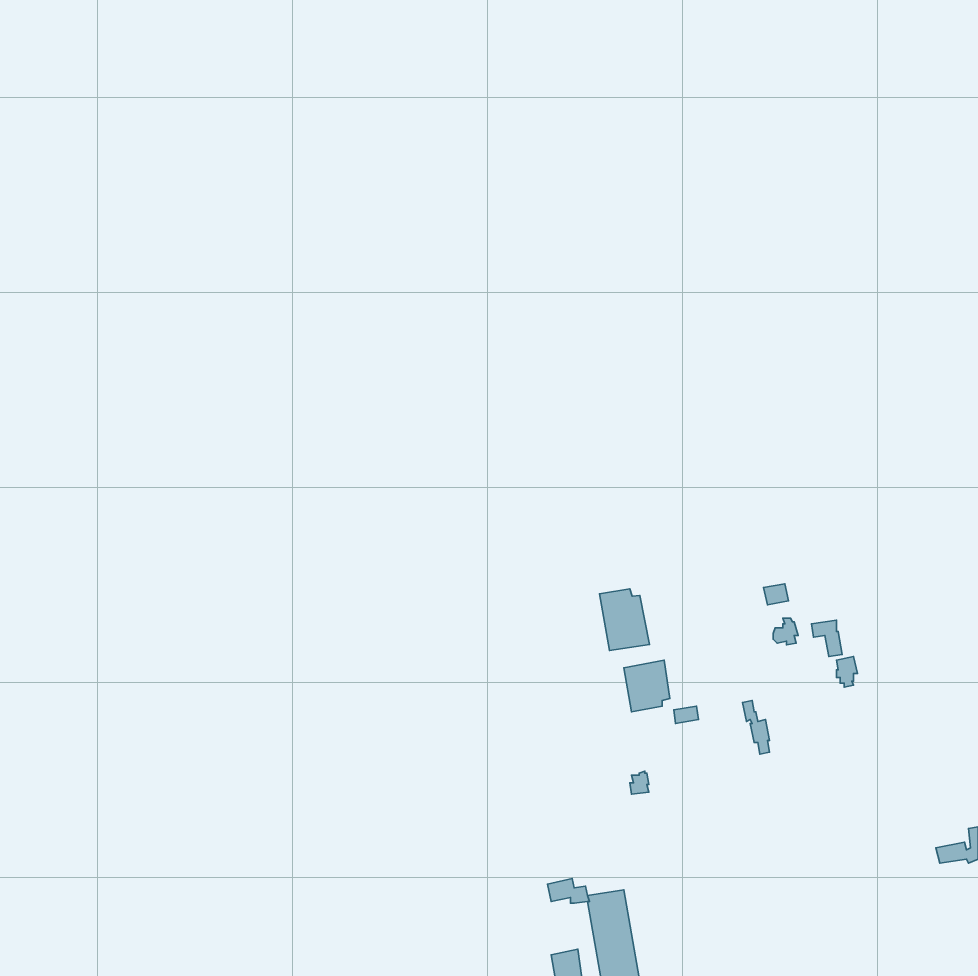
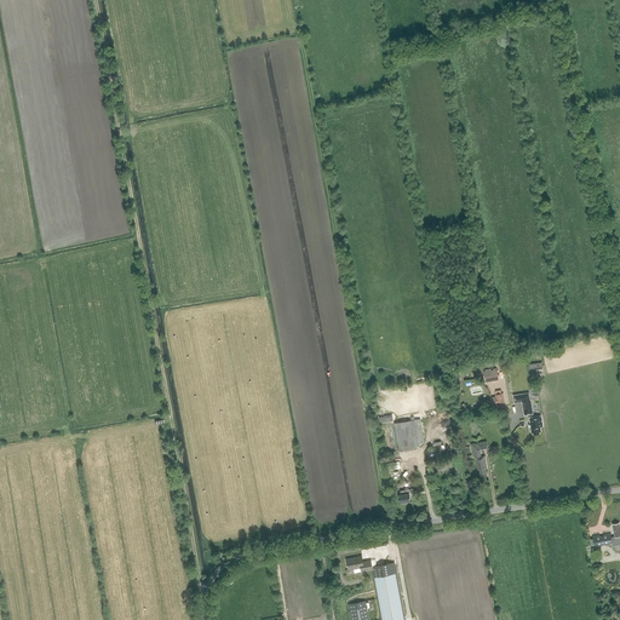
building: [600,589,649,651] -> none

